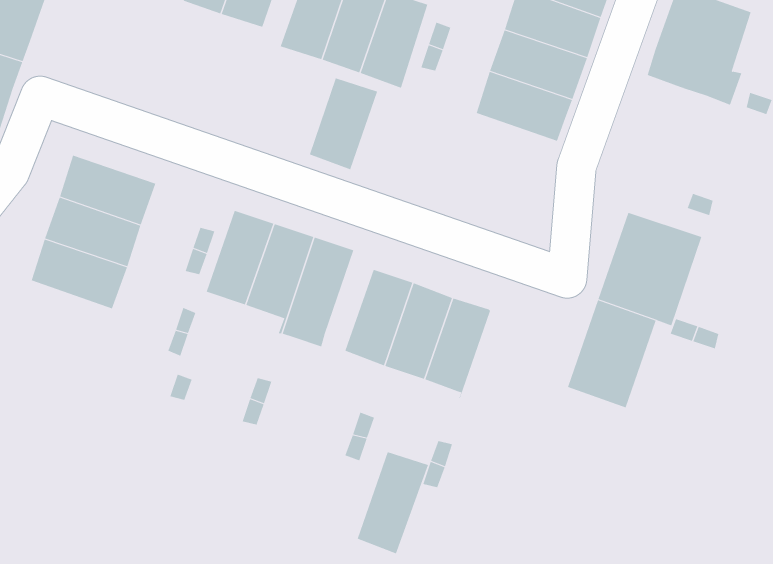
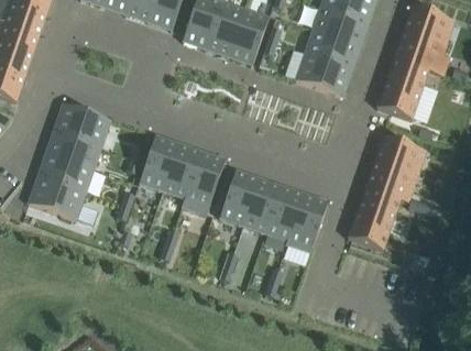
building: none -> [376,57,428,120]
building: [309,77,378,170] -> none
building: none -> [28,176,85,219]
building: [357,451,429,554] -> [286,194,328,253]

